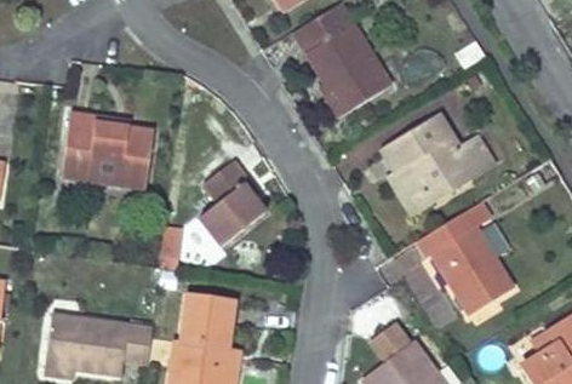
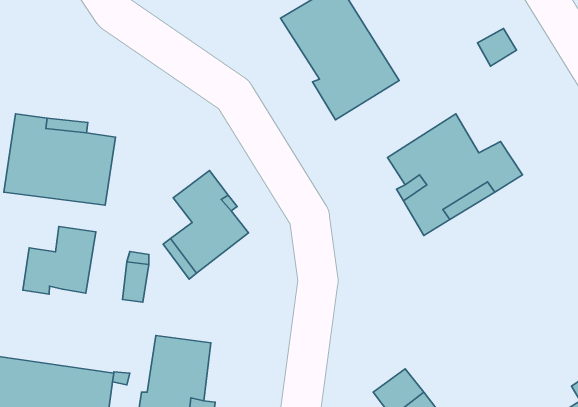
building: [416,201,513,313] -> none
building: none -> [23,226,96,294]

